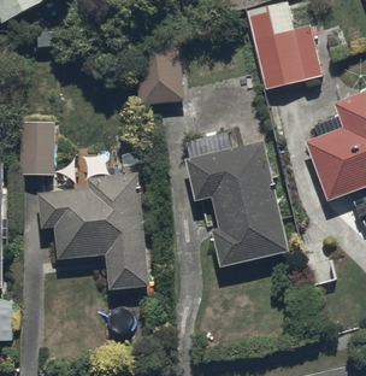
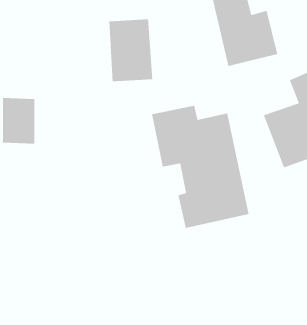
building: [37,172,149,289] -> none

